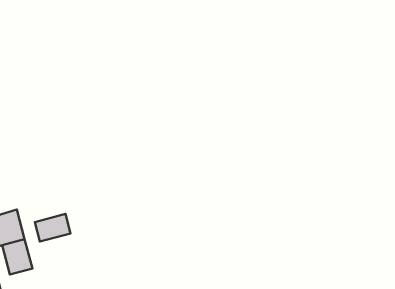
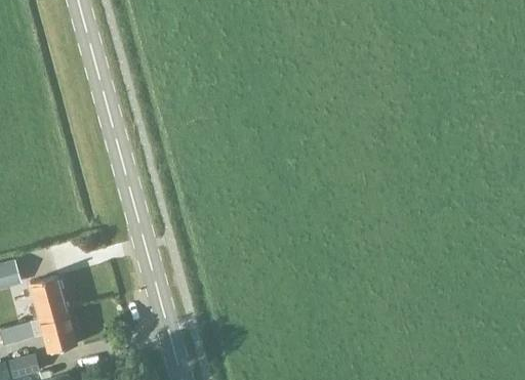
building: [35,214,71,242] -> none

